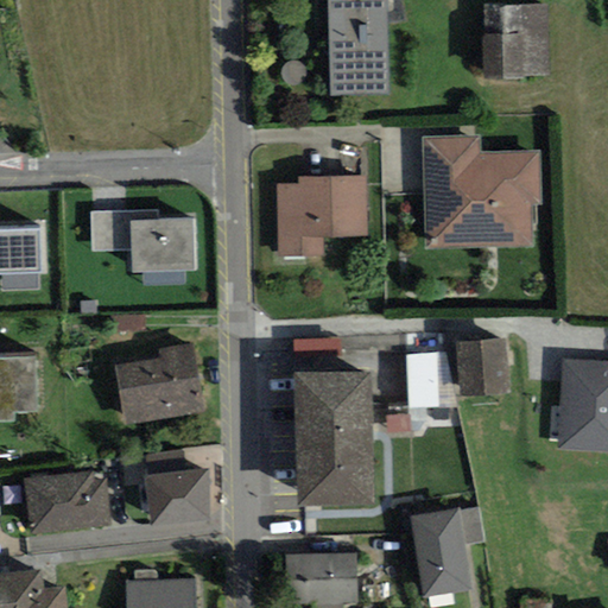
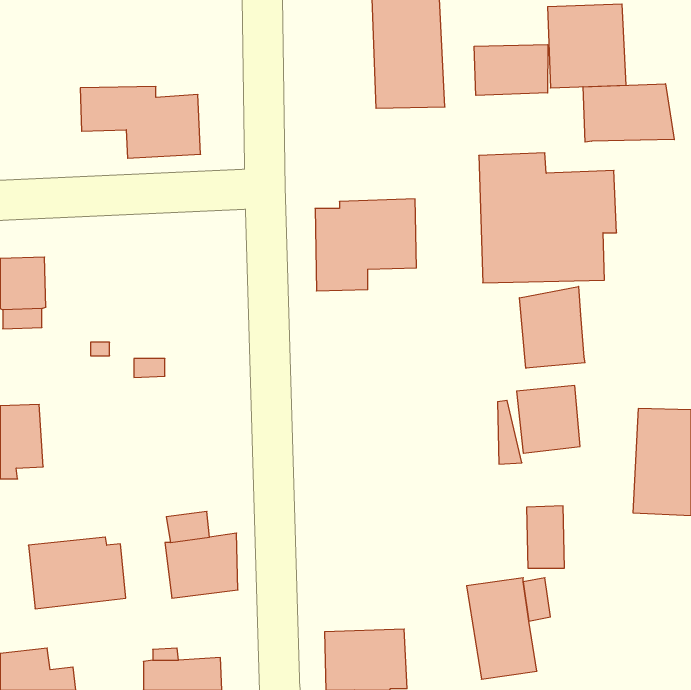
building: none -> [474,45,548,95]
building: none -> [583,84,674,142]
building: [90,210,196,273] -> [80,87,201,158]
building: none -> [519,286,585,368]
building: [115,343,204,425] -> none
building: [405,353,438,407] -> [527,506,564,568]
building: [294,372,373,506] -> none

